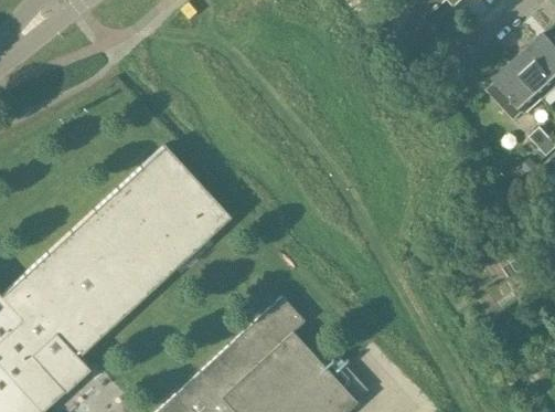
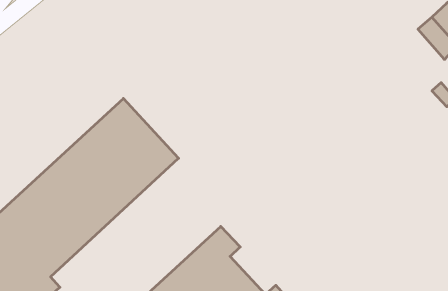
building: [488,63,544,119] -> none

